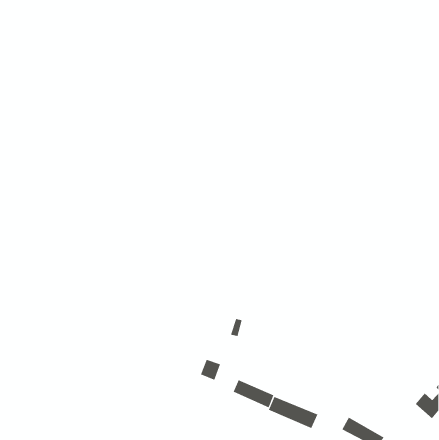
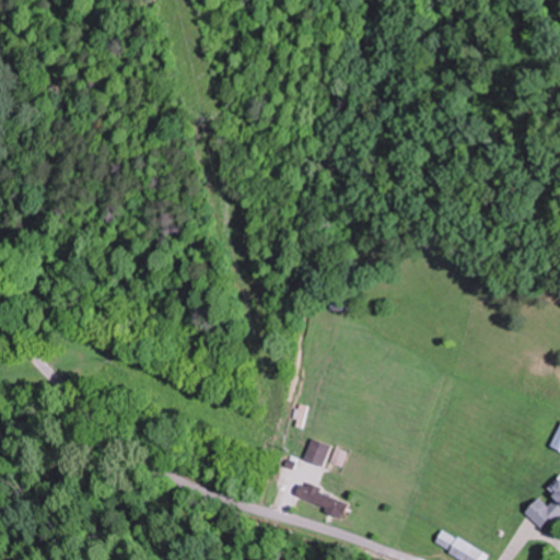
building: [200,359,221,381] -> [304,439,330,466]
building: [268,396,318,429] -> none

